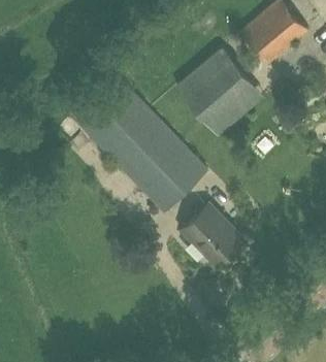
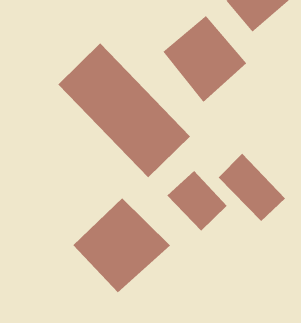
building: none -> [218,153,286,222]
building: none -> [73,197,171,293]

